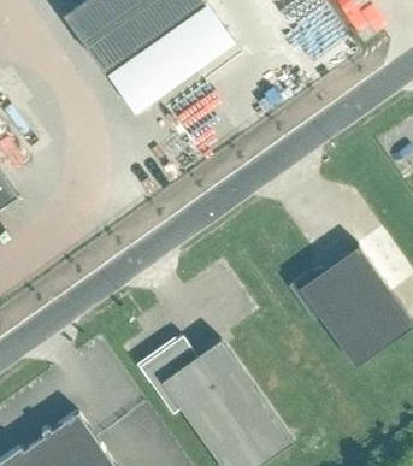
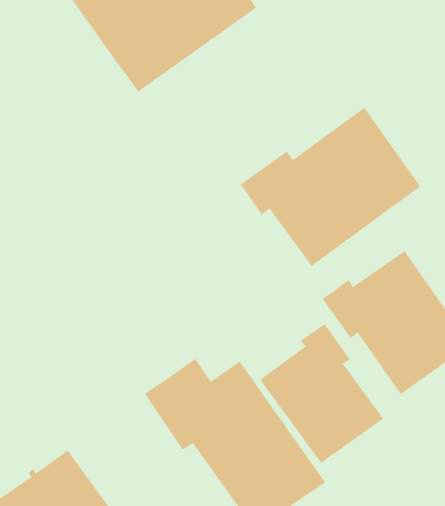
building: none -> [240,107,421,267]
building: none -> [259,323,384,464]

